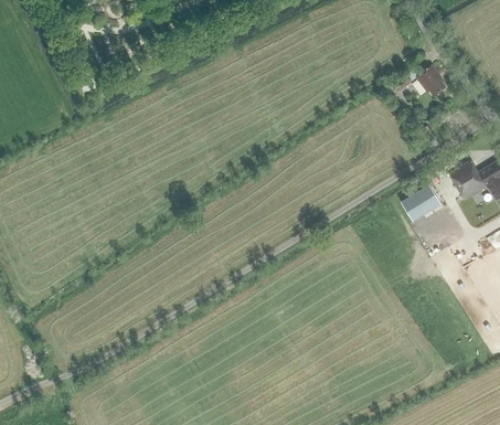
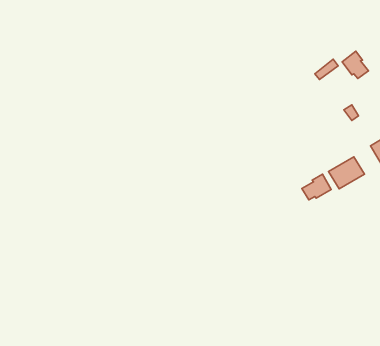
building: none -> [302,174,331,200]

